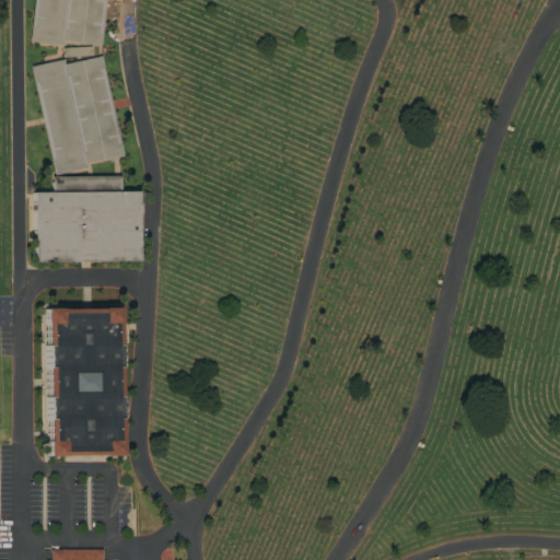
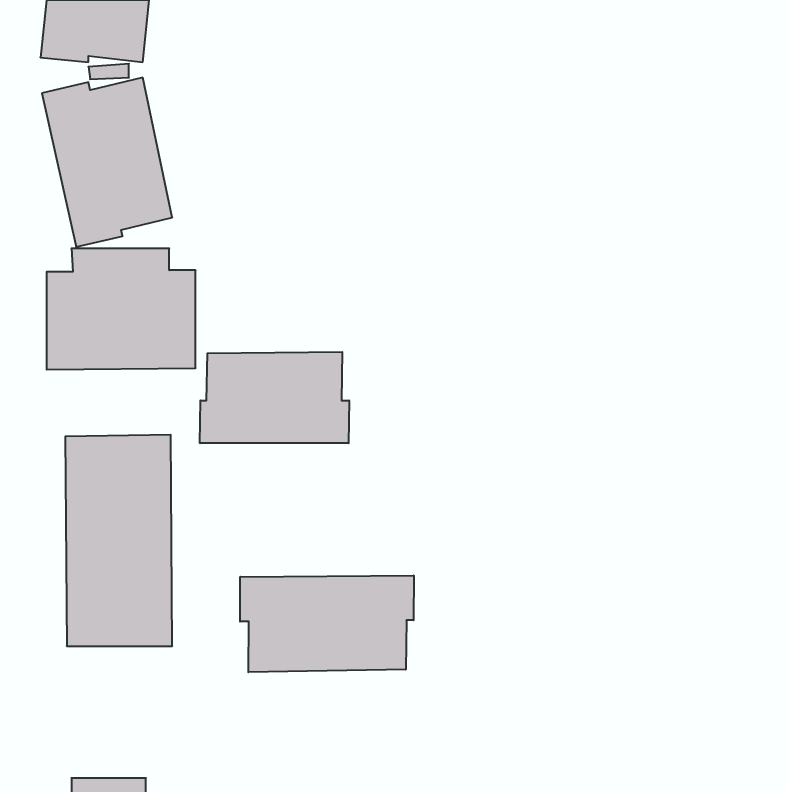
building: none -> [200,352,349,443]
building: none -> [240,575,414,672]

